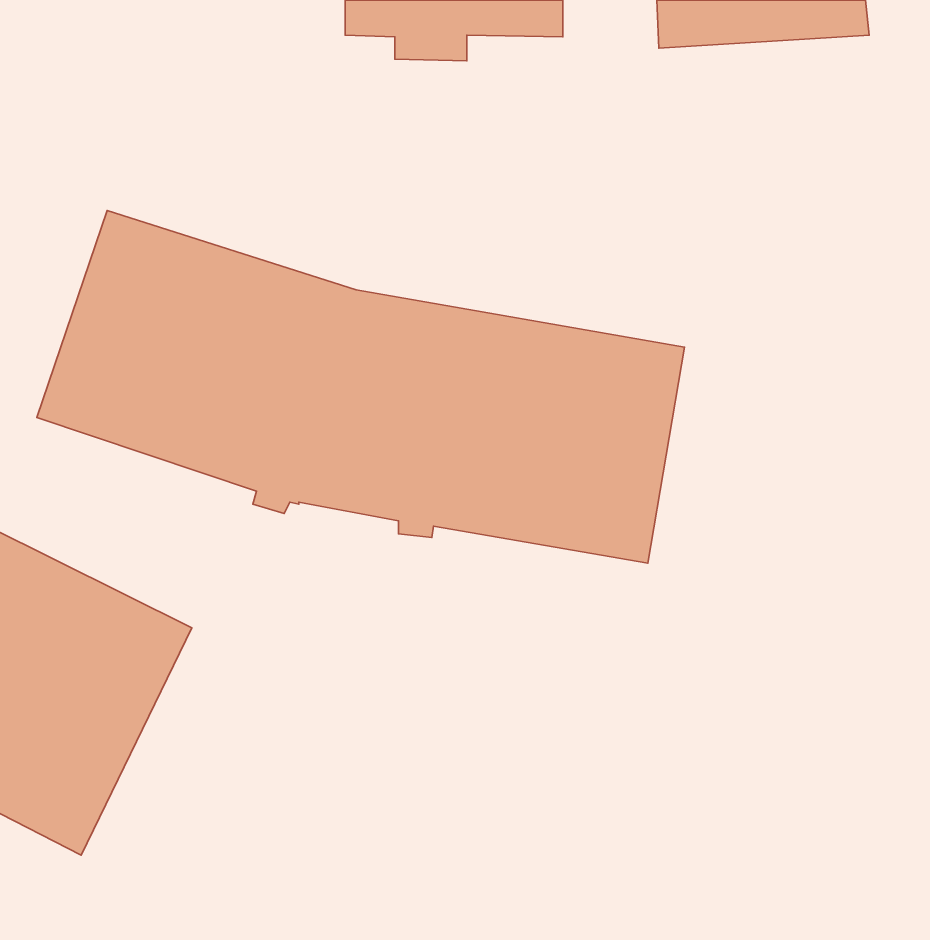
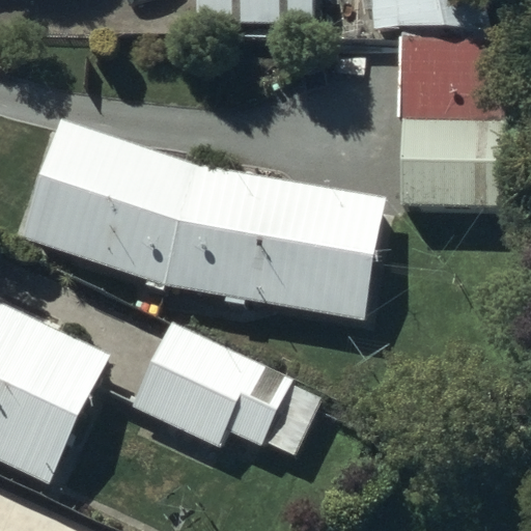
building: none -> [386,34,504,206]
building: none -> [128,320,320,456]

